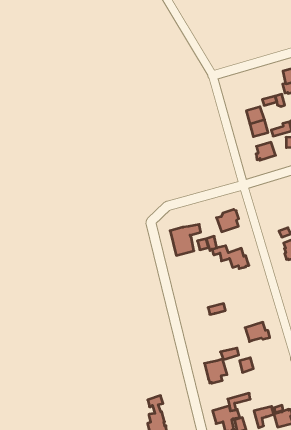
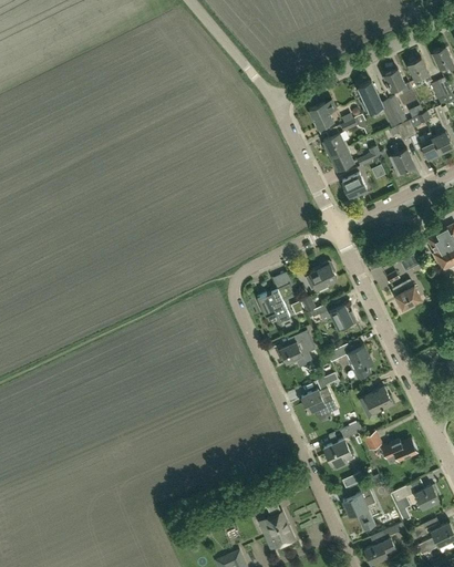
building: none -> [309,101,337,130]
building: none -> [280,331,314,368]
building: none -> [327,343,372,380]
building: none -> [301,388,336,415]
building: none -> [382,440,417,465]

